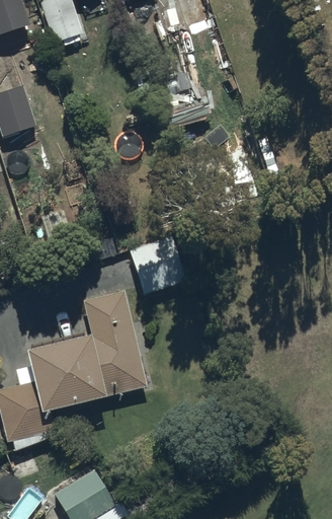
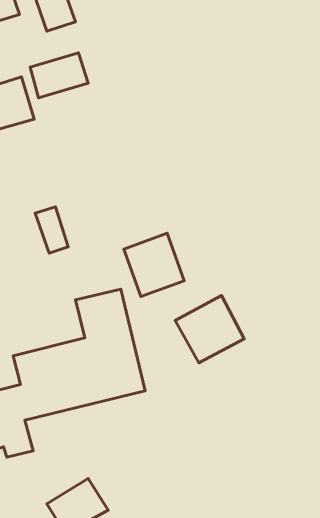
building: none -> [30,53,88,98]
building: none -> [175,296,244,363]

